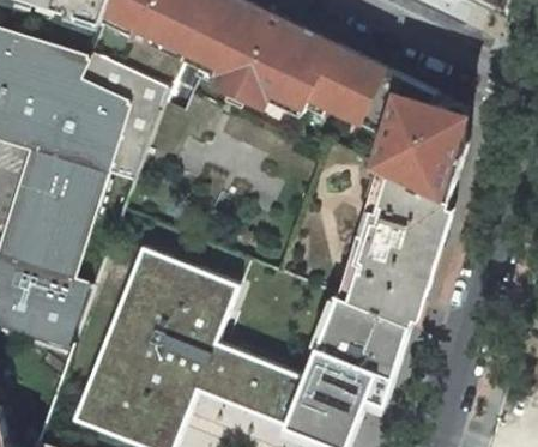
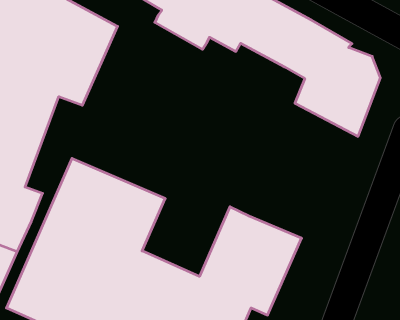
building: [333,165,452,326] -> none

